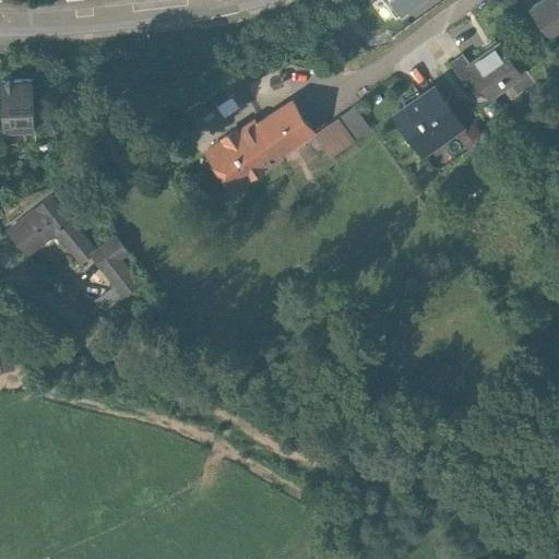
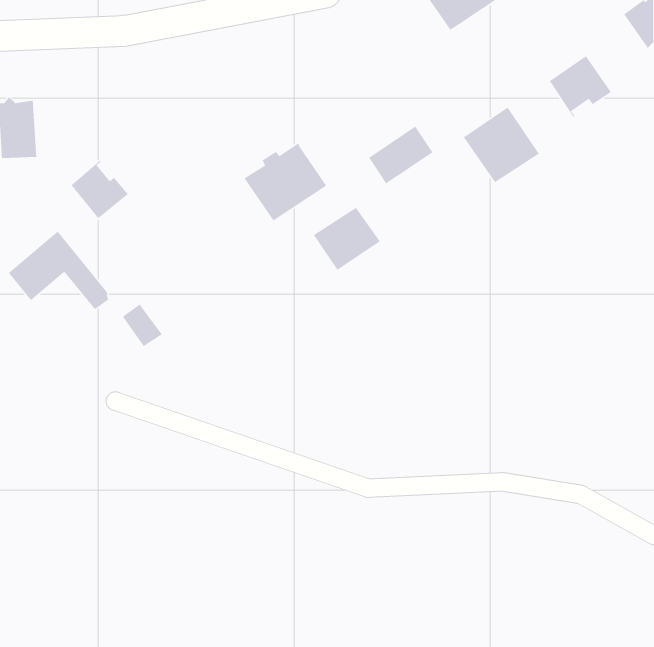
building: [255,100,313,155] -> [313,207,381,271]
building: none -> [70,160,129,219]
building: [92,236,128,270] -> none

